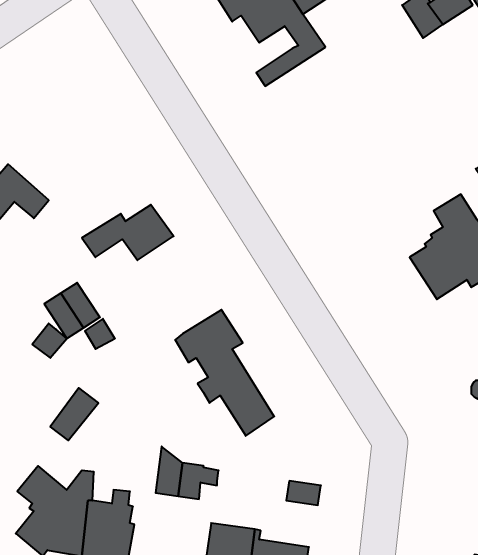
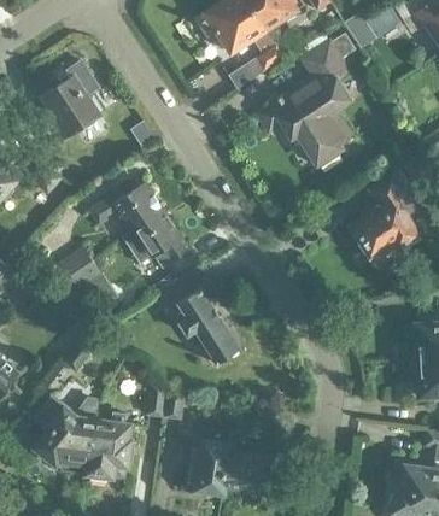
building: none -> [257,34,356,169]
building: none -> [33,57,100,140]
building: none -> [131,210,188,263]

